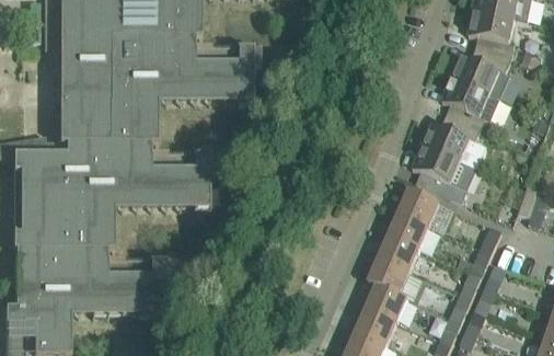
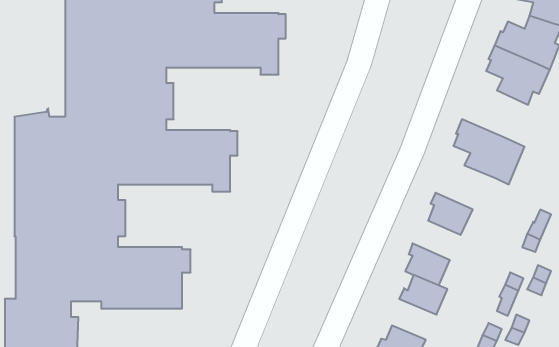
building: [419,116,480,160] -> none
building: [395,188,439,225] -> none
building: [374,234,418,271] -> none
building: [356,306,396,343] -> none

